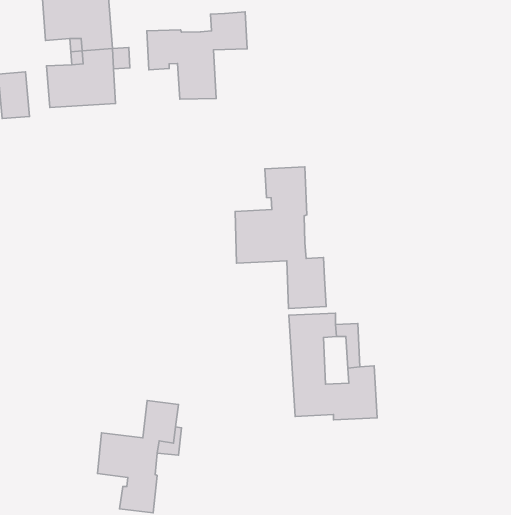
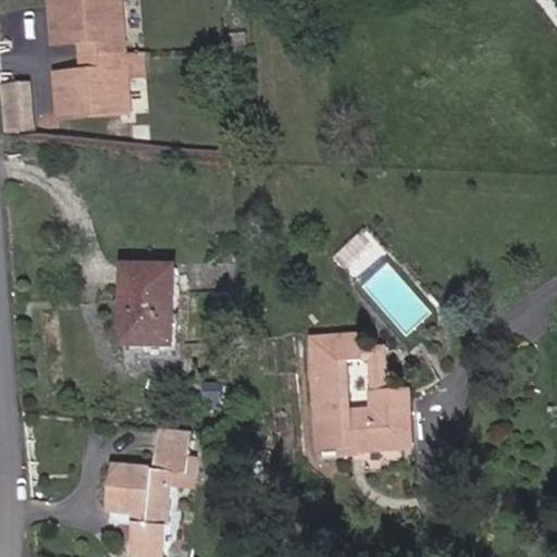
building: [147,12,247,99] -> none
building: [235,167,326,309] -> none
building: none -> [117,264,173,346]

